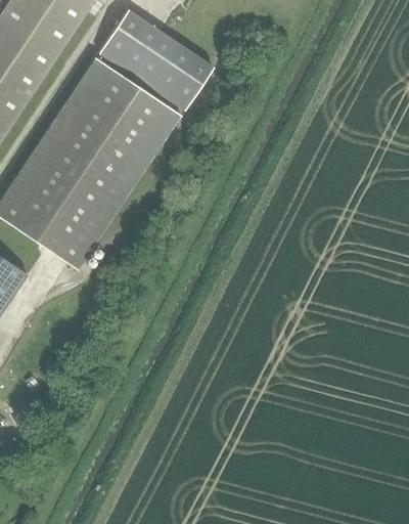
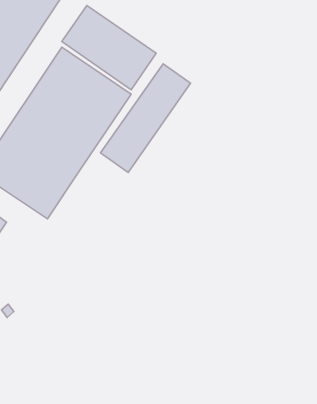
building: none -> [101,64,190,173]

